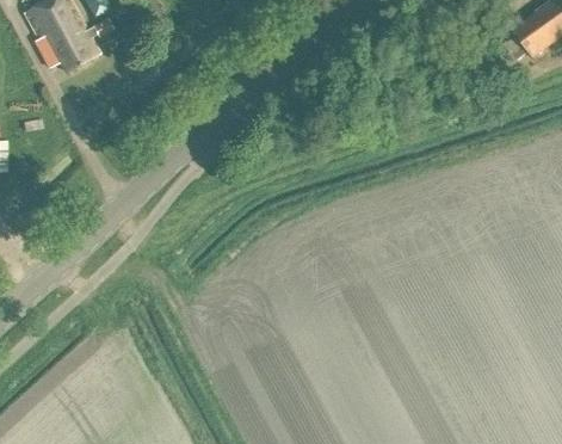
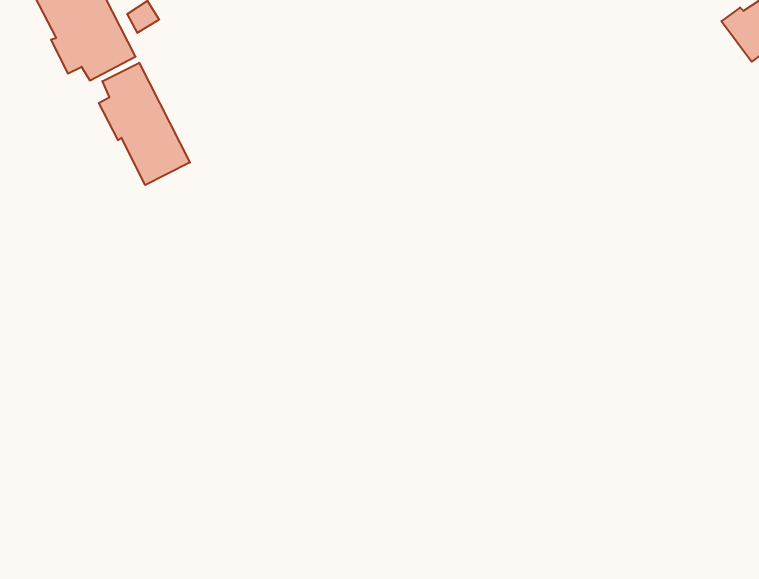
building: none -> [99,63,190,185]

